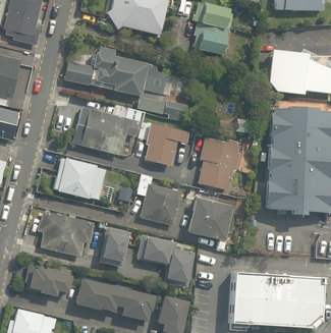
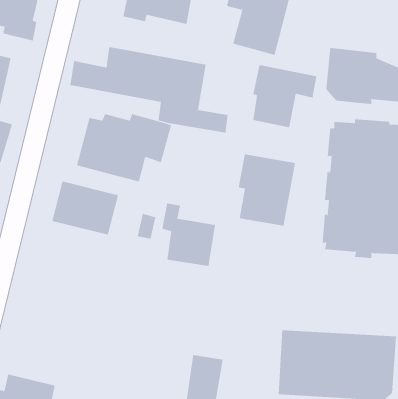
building: [143,116,194,166] -> [252,65,317,128]
building: [187,197,231,237] -> none
building: [40,210,96,260] -> none
building: [101,226,131,265] -> none
building: [141,232,192,284] -> none
building: [25,264,71,295] -> none
building: [74,277,154,321] -> none

